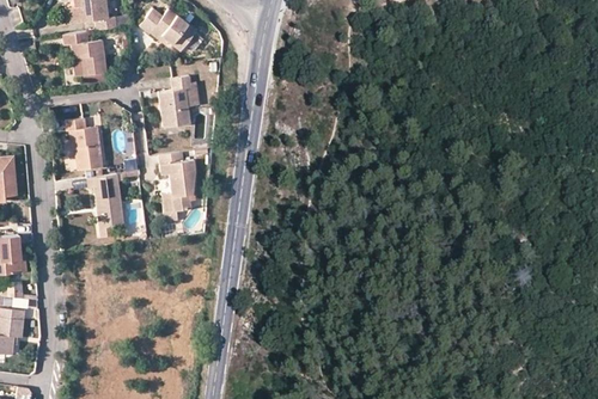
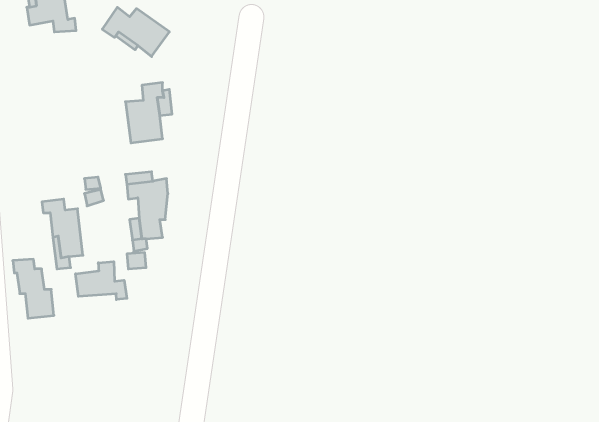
building: [63,33,105,76] -> none
building: [66,119,102,171] -> [13,259,54,318]
building: none -> [76,262,127,300]

